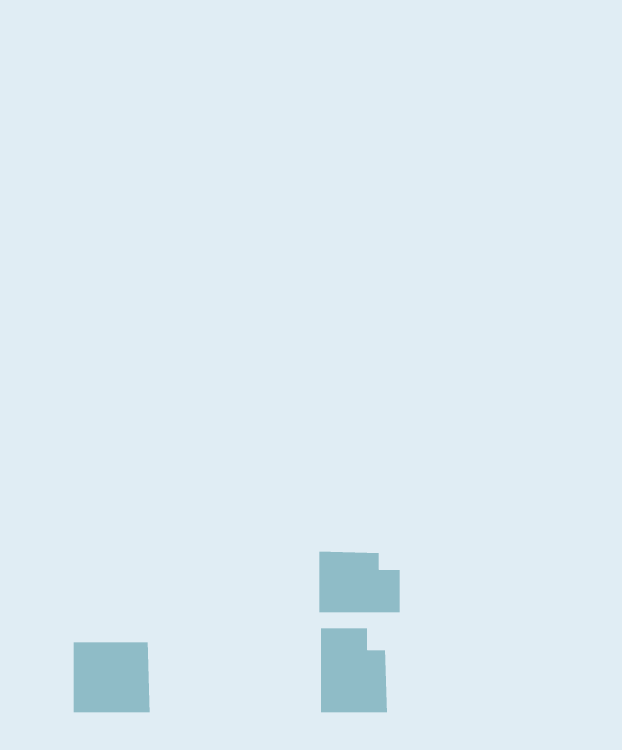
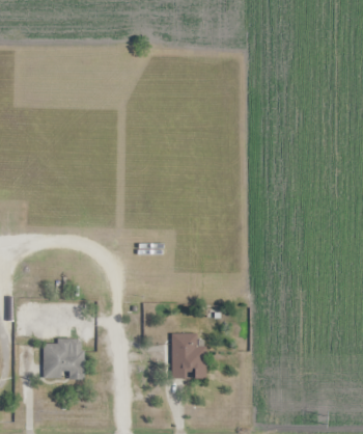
building: [319,551,400,613] -> none

